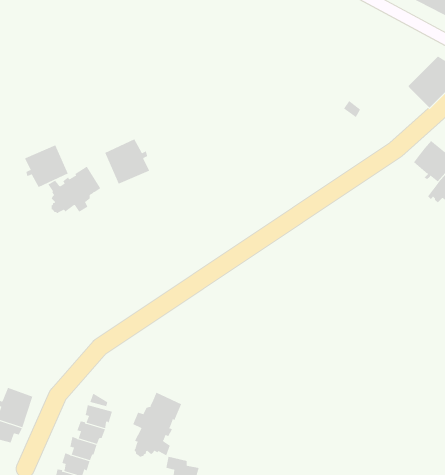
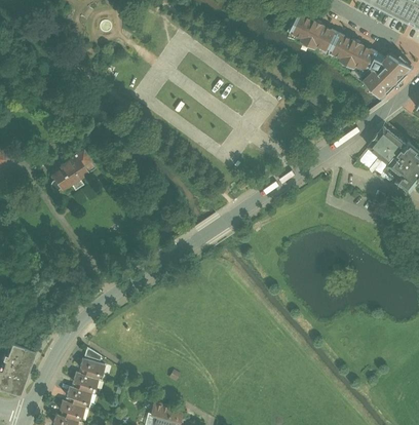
building: none -> [288,13,384,82]
building: [104,138,150,185] -> none
building: [24,145,68,188] -> none
building: [133,392,182,457] -> none

